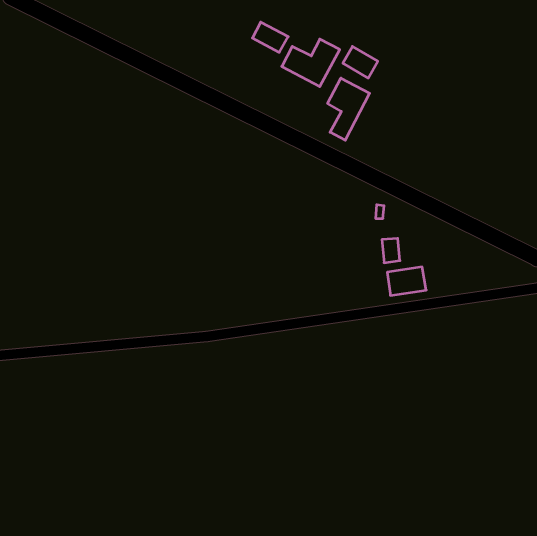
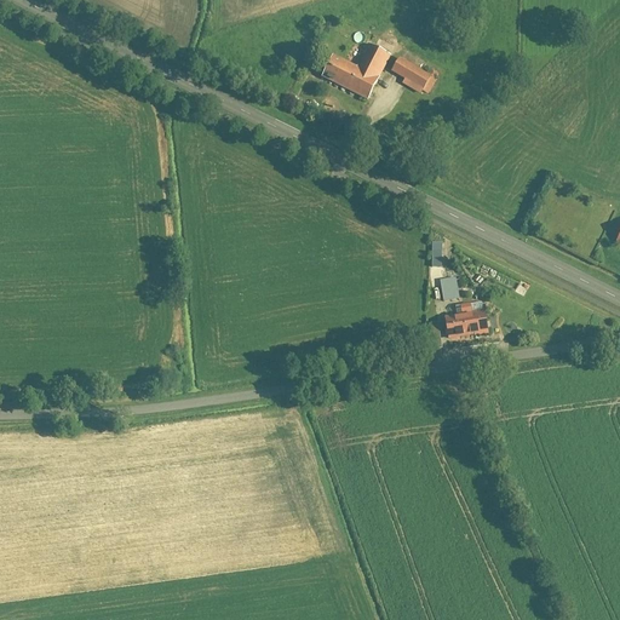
building: [252,22,288,52] -> none
building: [328,78,370,140] -> none

